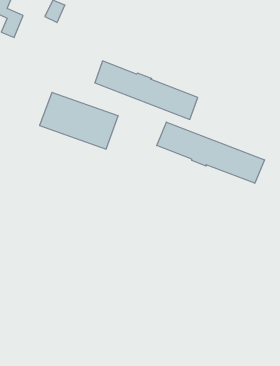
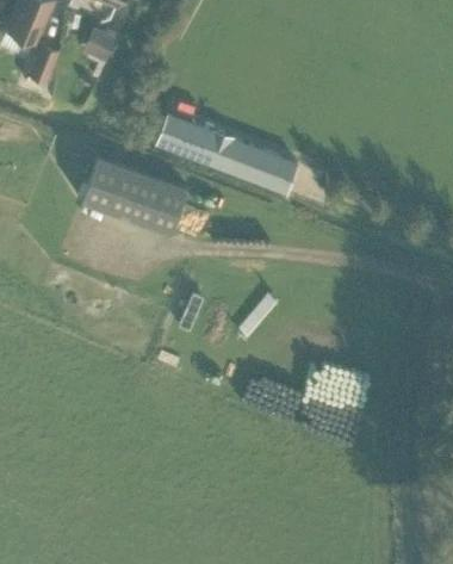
building: [157,122,264,183] -> none

